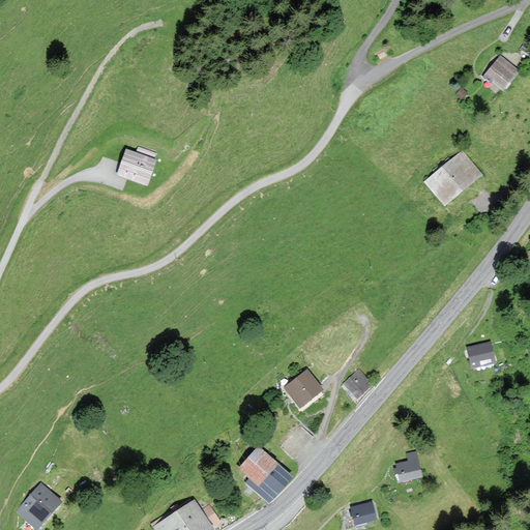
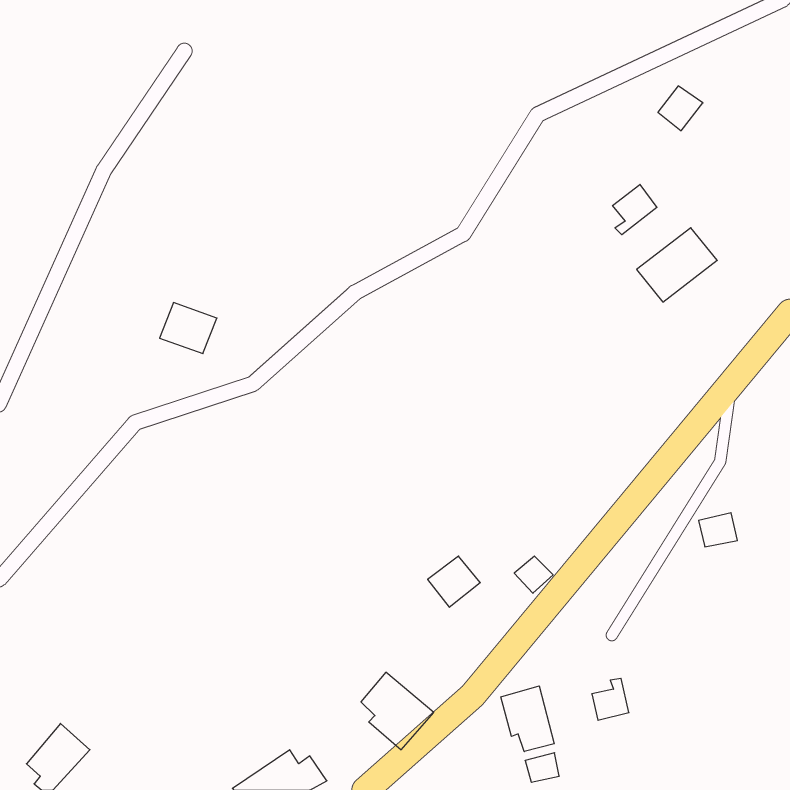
building: [487,57,517,87] -> [658,86,703,131]
building: none -> [613,184,657,235]
building: [117,150,155,184] -> [160,303,217,354]
building: none -> [501,686,554,752]

